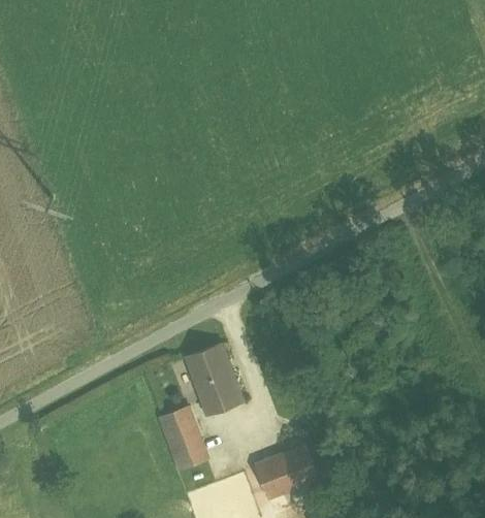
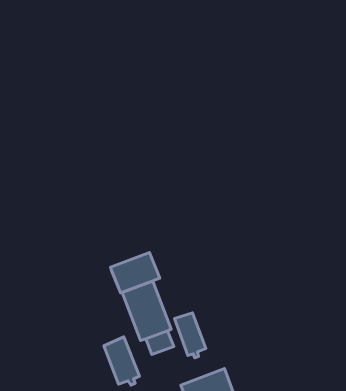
building: none -> [111,252,160,293]
building: none -> [174,313,206,358]

